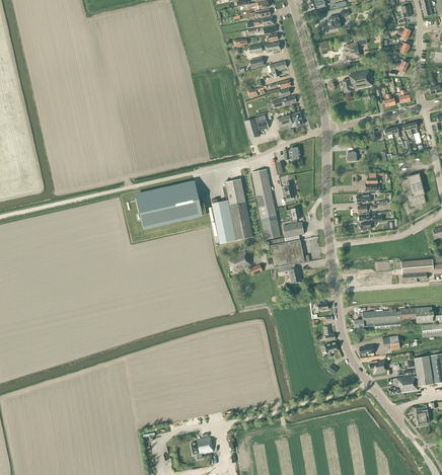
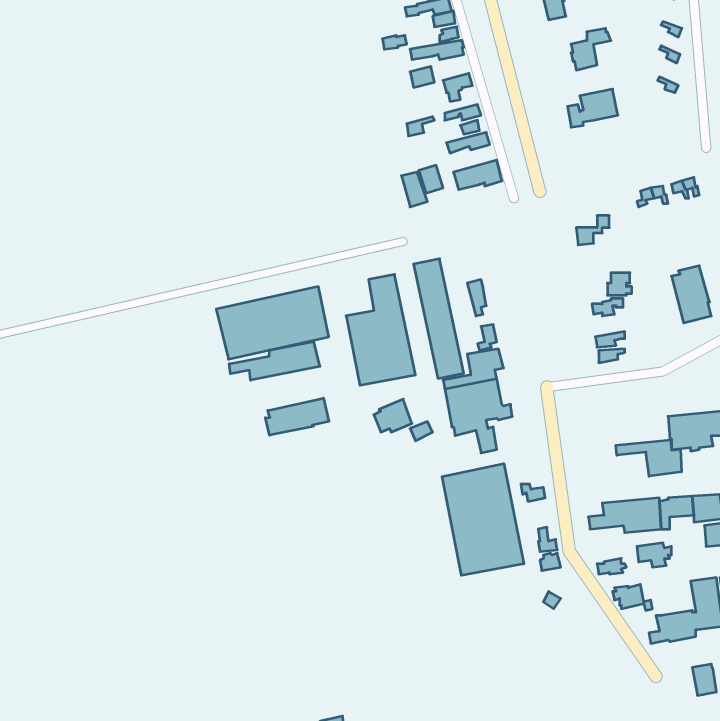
building: none -> [229,341,320,380]
building: none -> [265,398,329,435]
building: none -> [616,440,681,476]
building: none -> [442,464,524,575]

